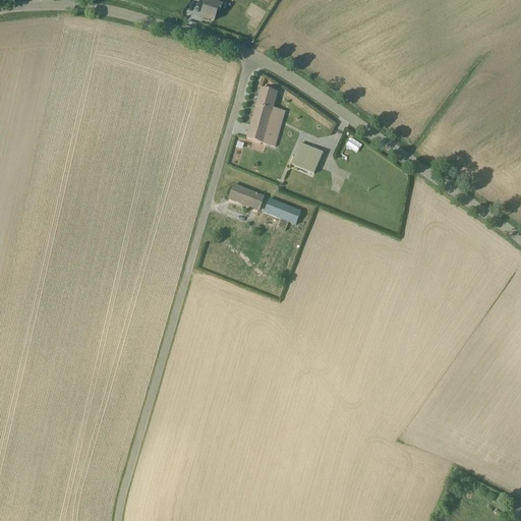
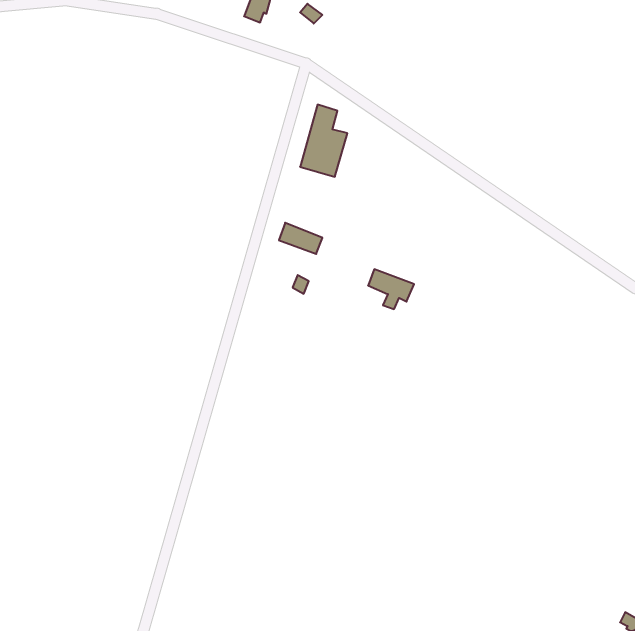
building: [291,140,323,172] -> none
building: [264,196,301,229] -> [368,269,414,309]

